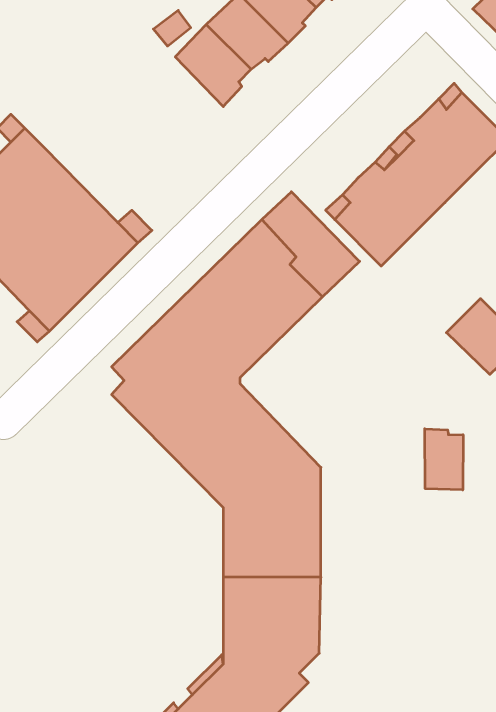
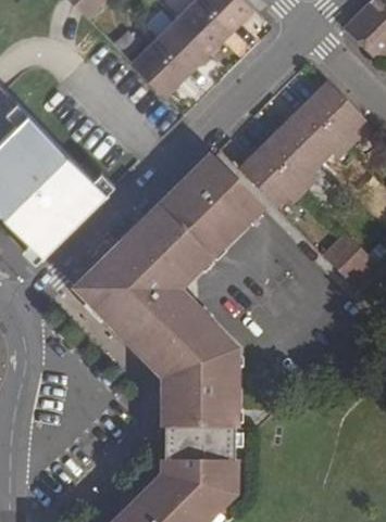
building: [425,429,463,490] -> none

